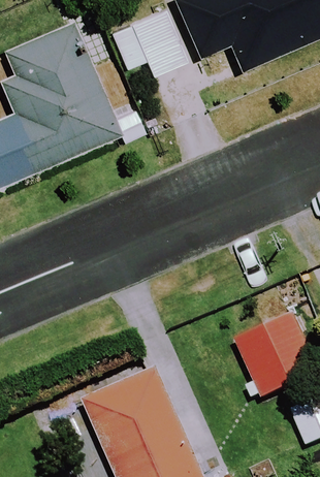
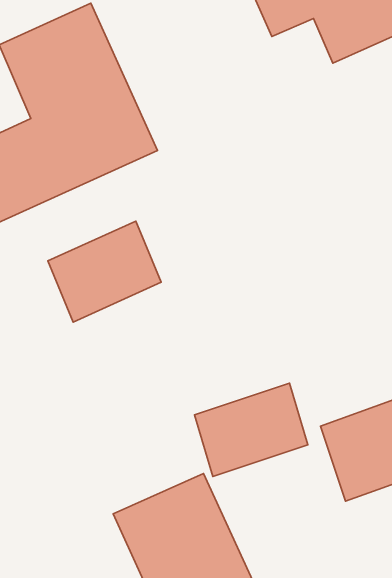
building: none -> [48,221,161,322]
building: none -> [195,383,308,476]

